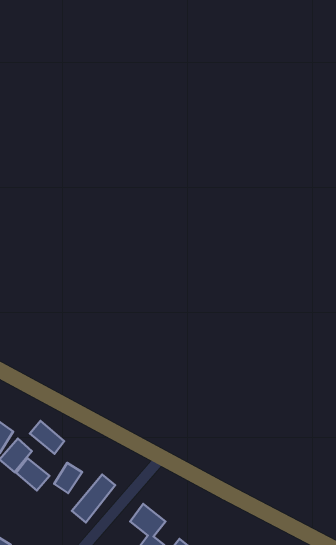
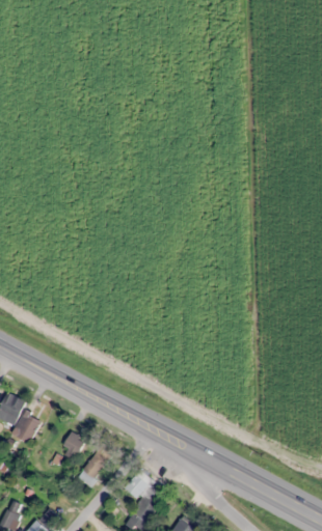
building: [30,421,64,454] -> none
building: [16,458,49,491] -> none

